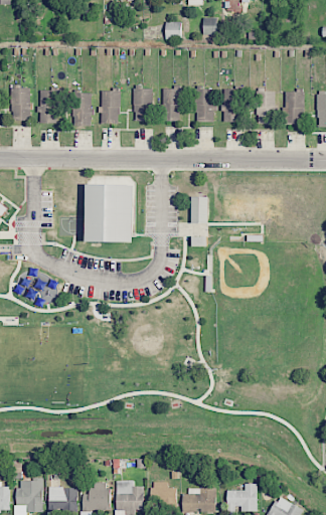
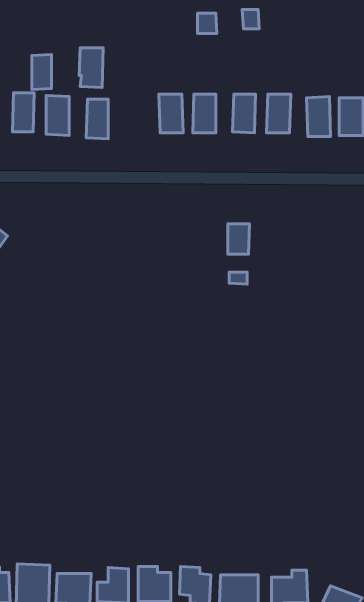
building: none -> [32,55,52,90]
building: [100,91,120,124] -> [79,48,103,88]
building: [87,184,133,242] -> none

